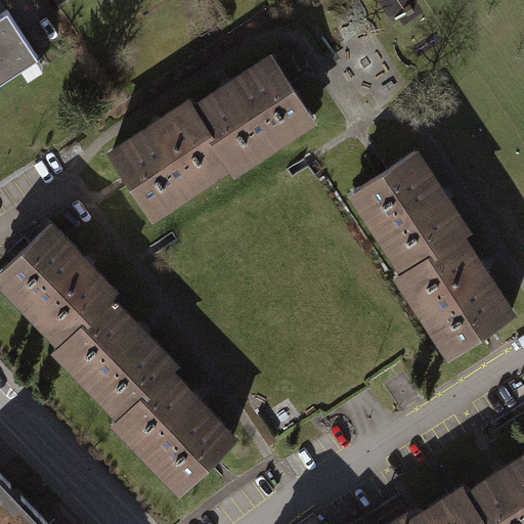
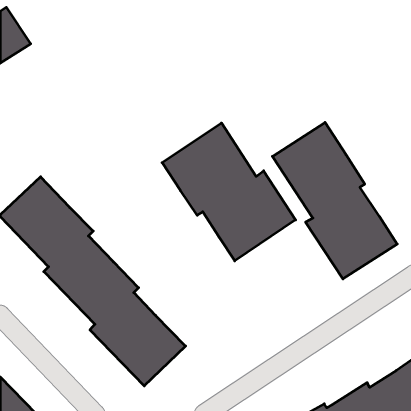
building: [105,59,309,217] -> none
building: none -> [162,123,296,261]

